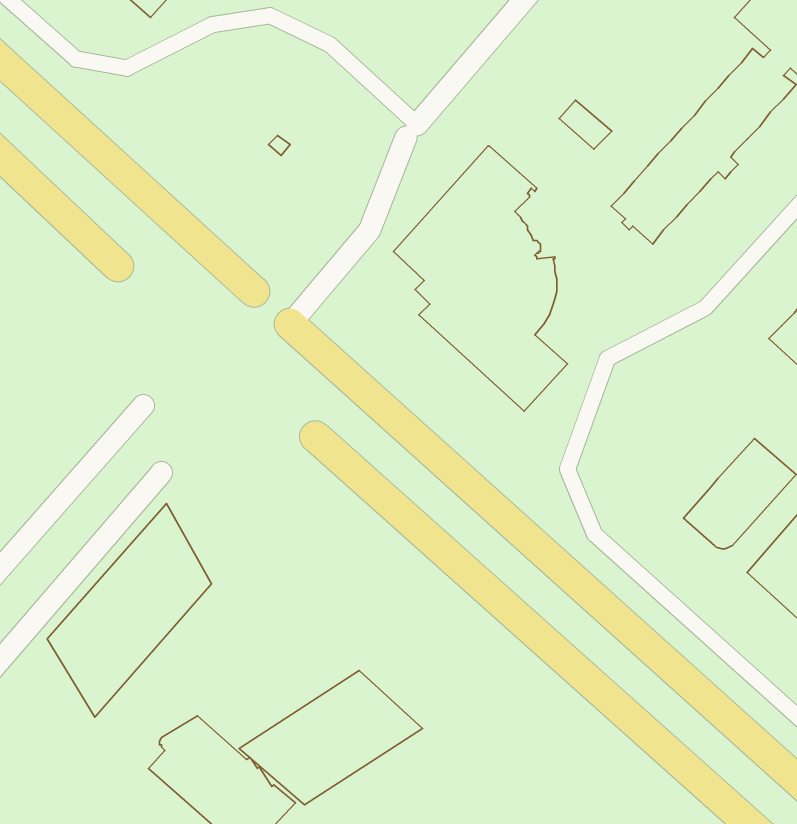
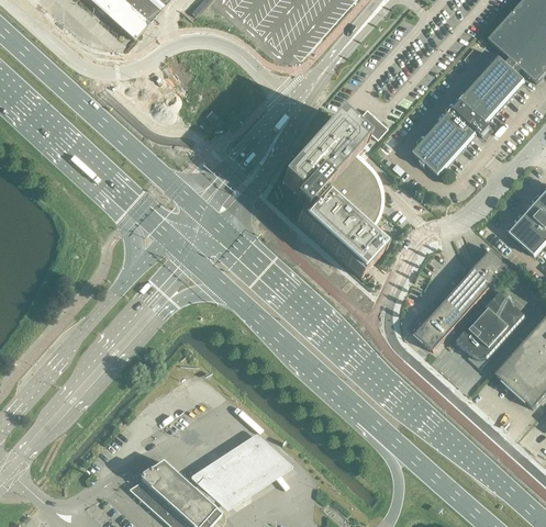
building: [559,100,612,149] -> [356,108,388,137]
building: none -> [420,248,510,349]
building: [47,504,212,717] -> none

